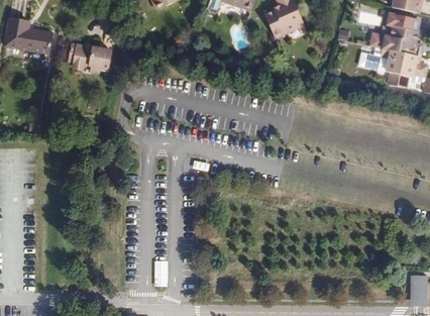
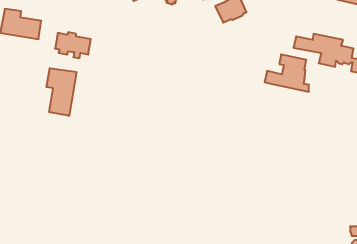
building: [361,12,413,56] -> [265,54,309,92]
building: none -> [46,68,76,116]

